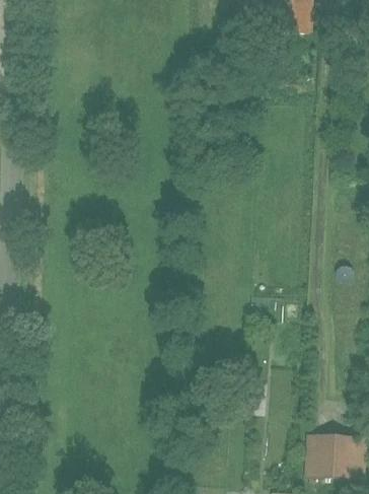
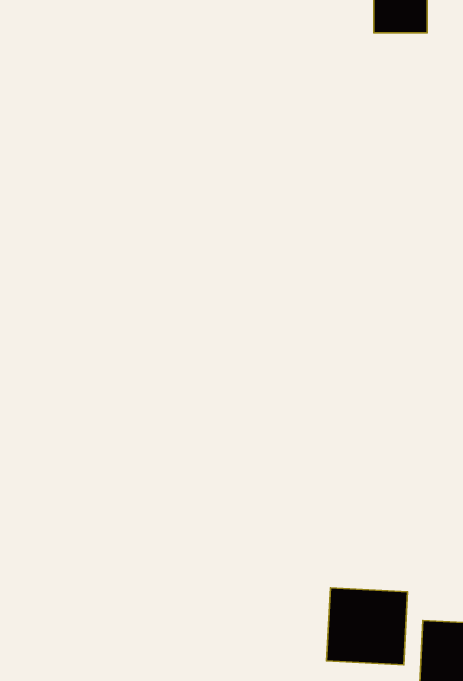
building: none -> [327,588,408,665]

